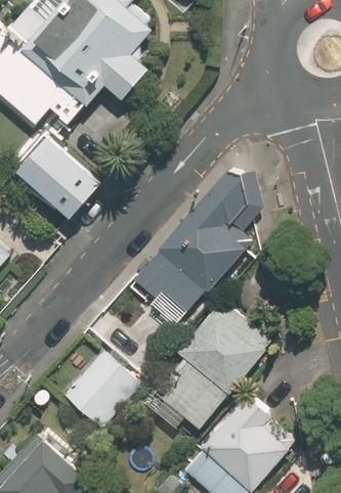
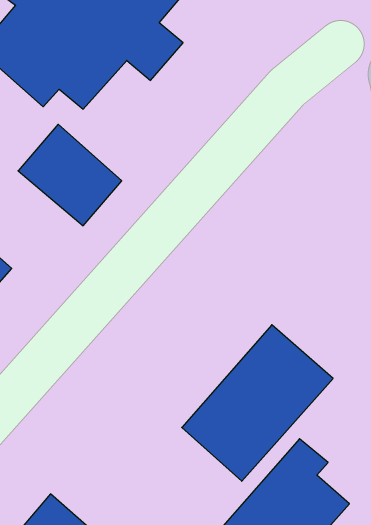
building: [136,170,247,304] -> none
building: [65,350,140,427] -> none

